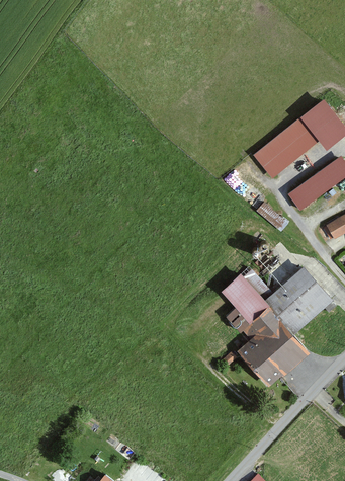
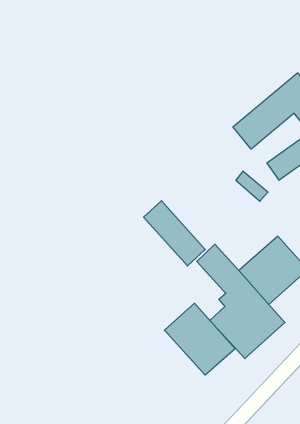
building: none -> [144,201,205,266]
building: none -> [164,303,235,375]

